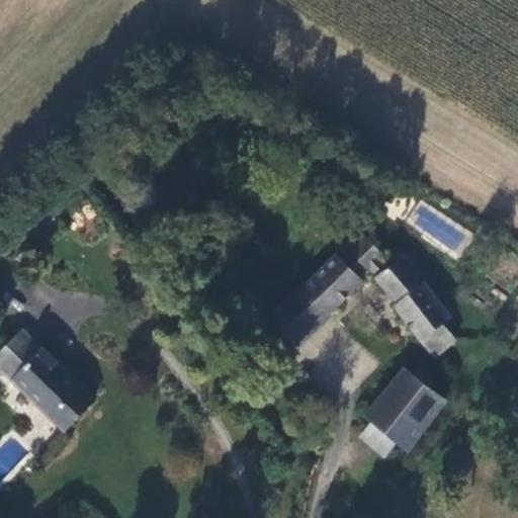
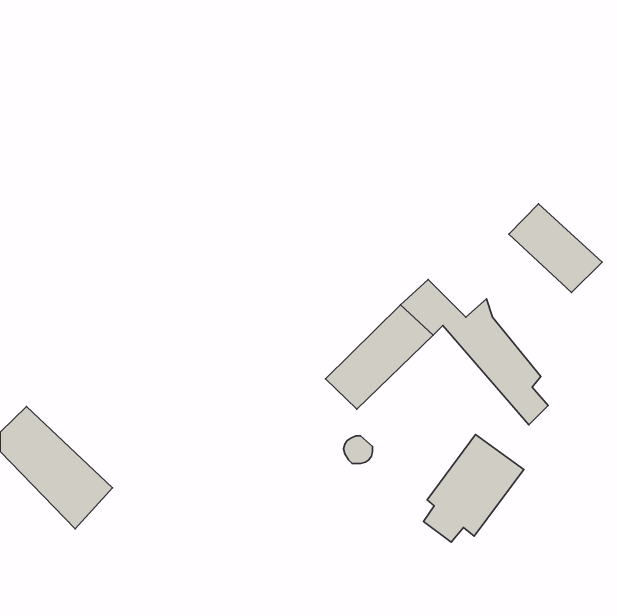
building: none -> [509,204,602,293]

